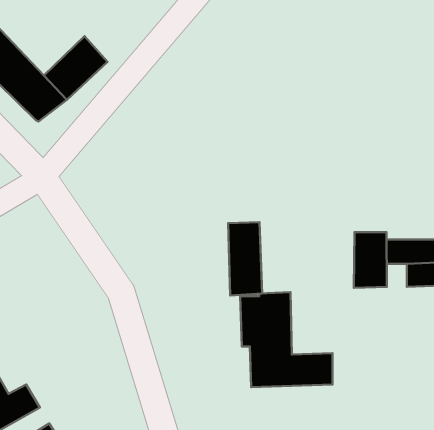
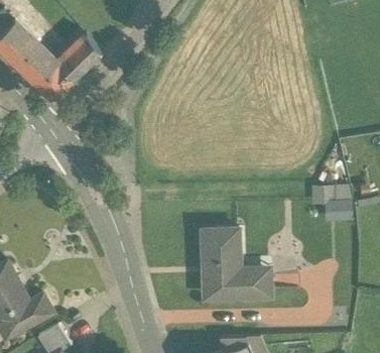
building: [228,222,262,296] -> none
building: [354,232,387,288] -> none

